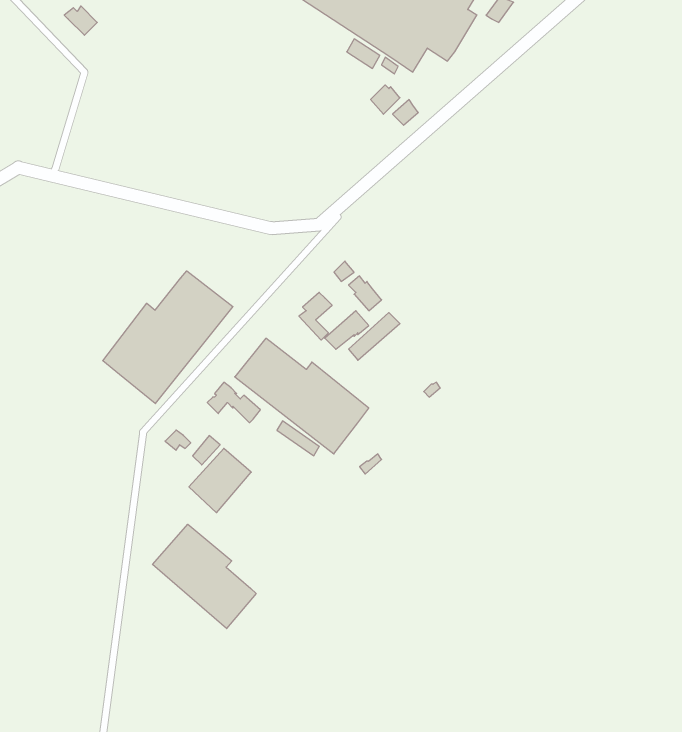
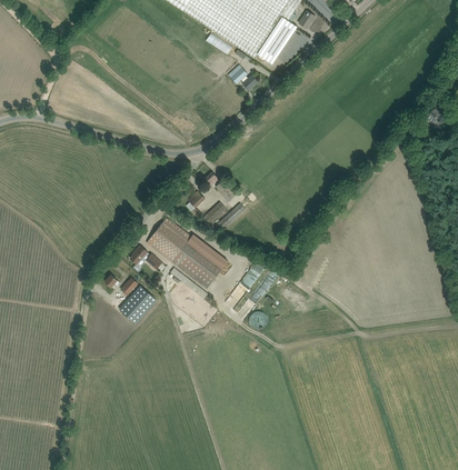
building: [103,271,233,404] -> none
building: [153,524,256,629] -> none

